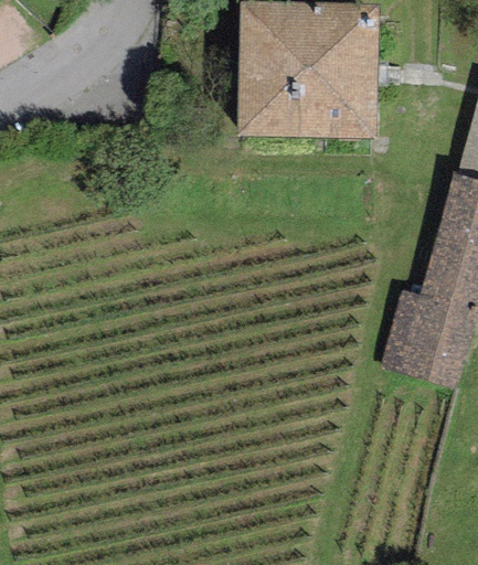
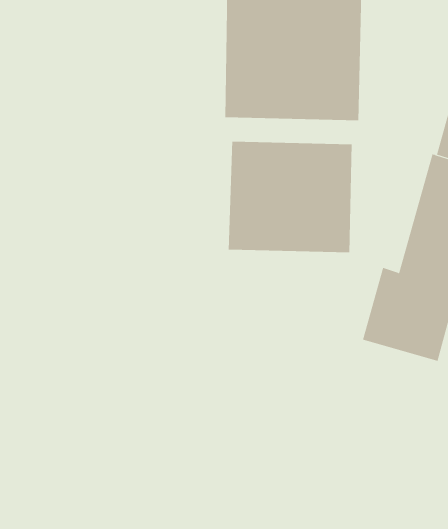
building: none -> [228,141,352,253]

